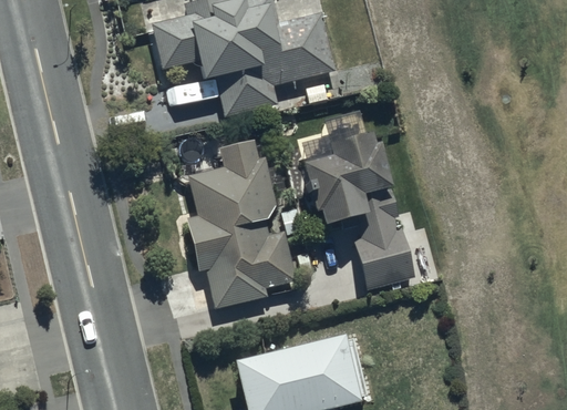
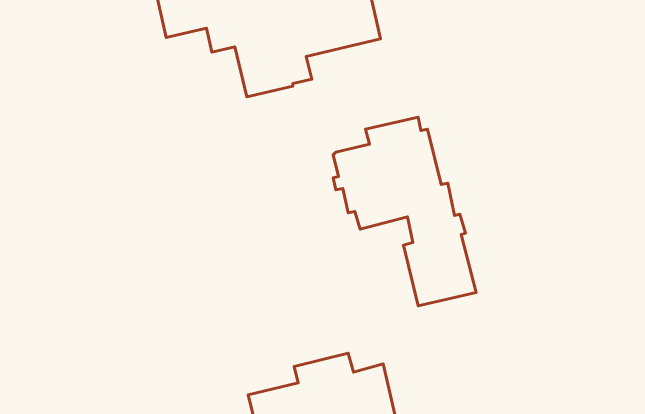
building: [186,140,298,308] -> none

